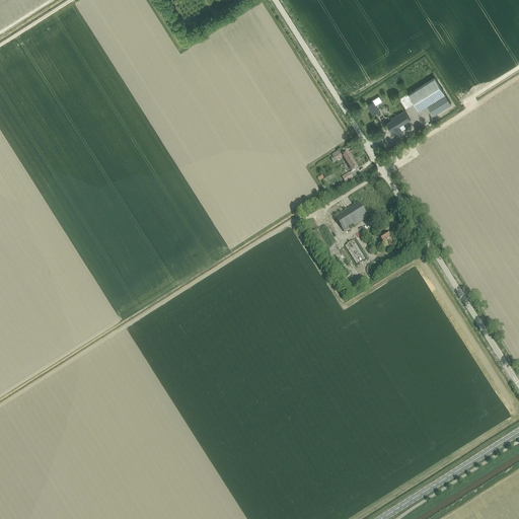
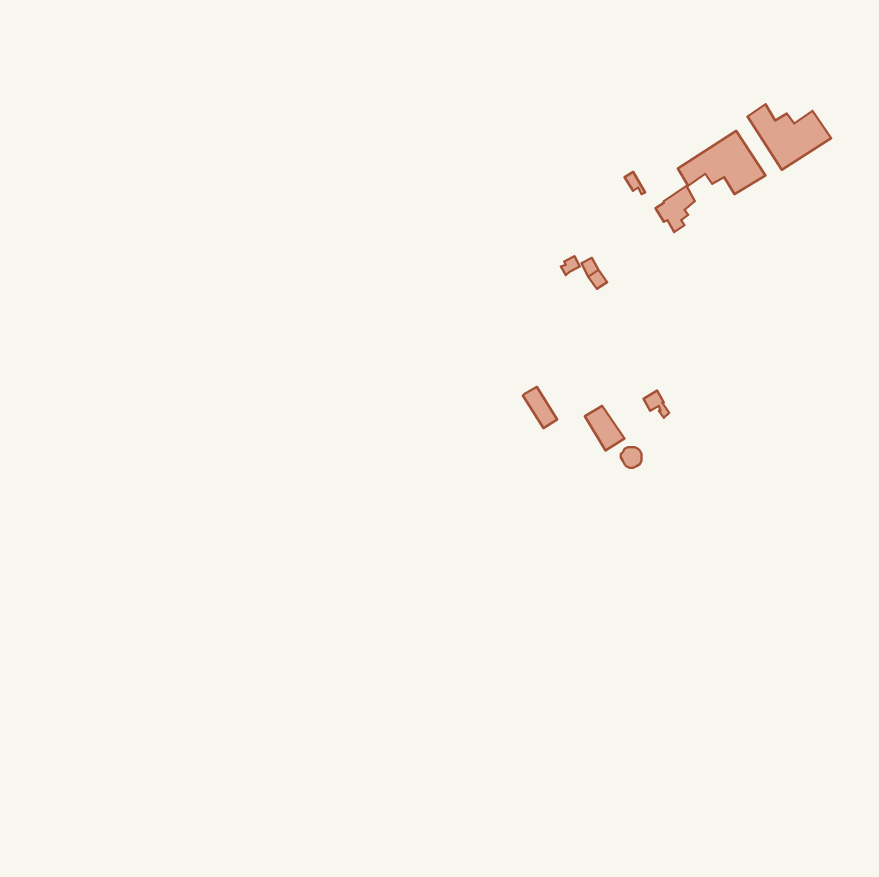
building: none -> [747,104,831,170]
building: [335,202,368,231] -> none

